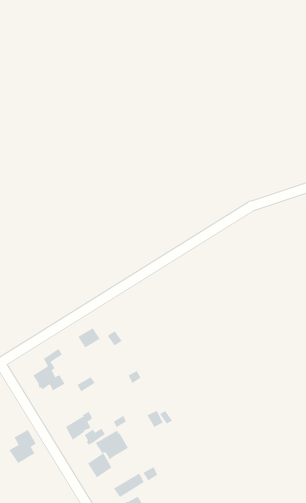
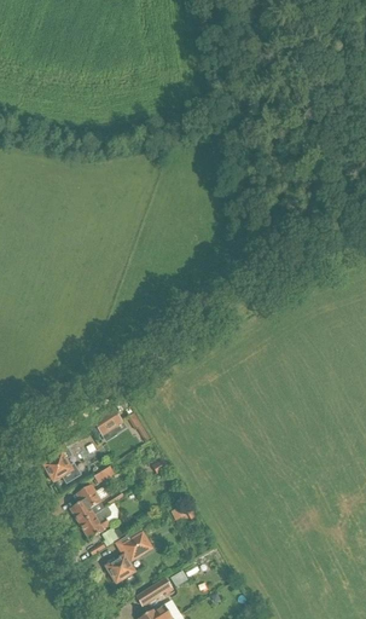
building: [8,429,37,464] -> [69,485,101,525]

